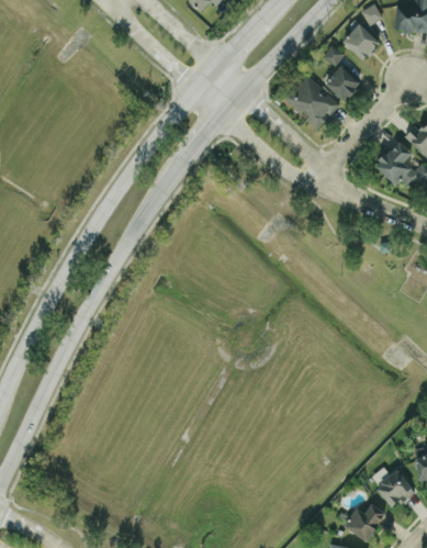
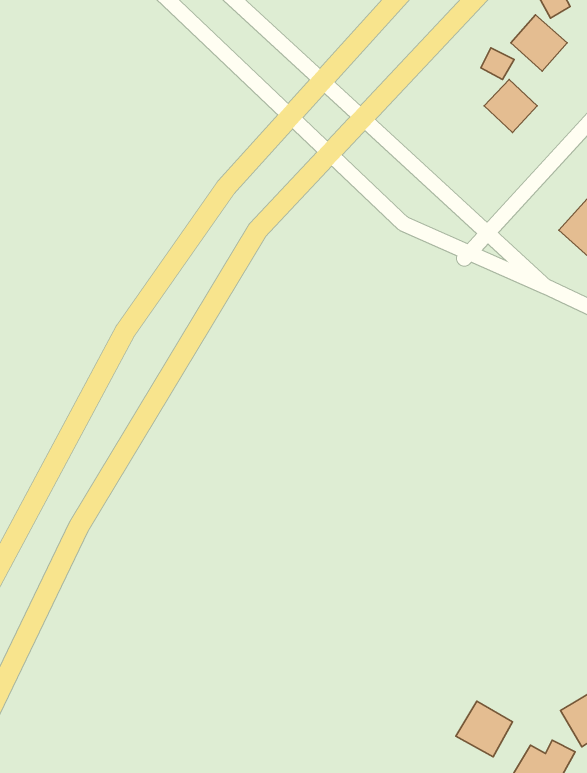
building: [284,75,339,130] -> none
building: none -> [456,701,513,757]

